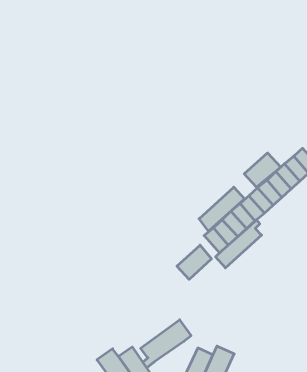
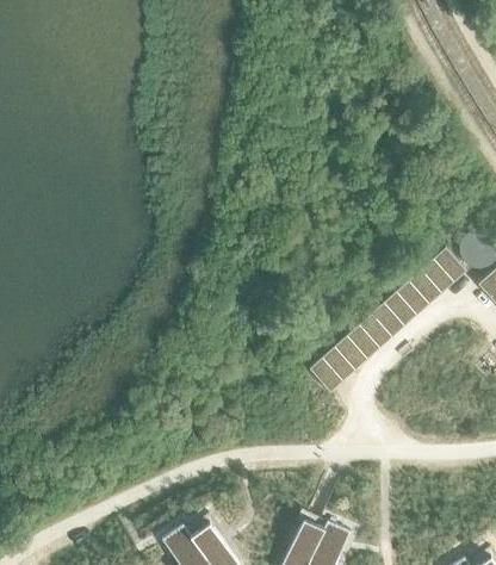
building: [244,153,281,187] -> none
building: [199,187,245,231] -> none
building: [216,220,262,268] -> none
building: [177,245,211,279] -> none
building: [141,320,191,368] -> none

